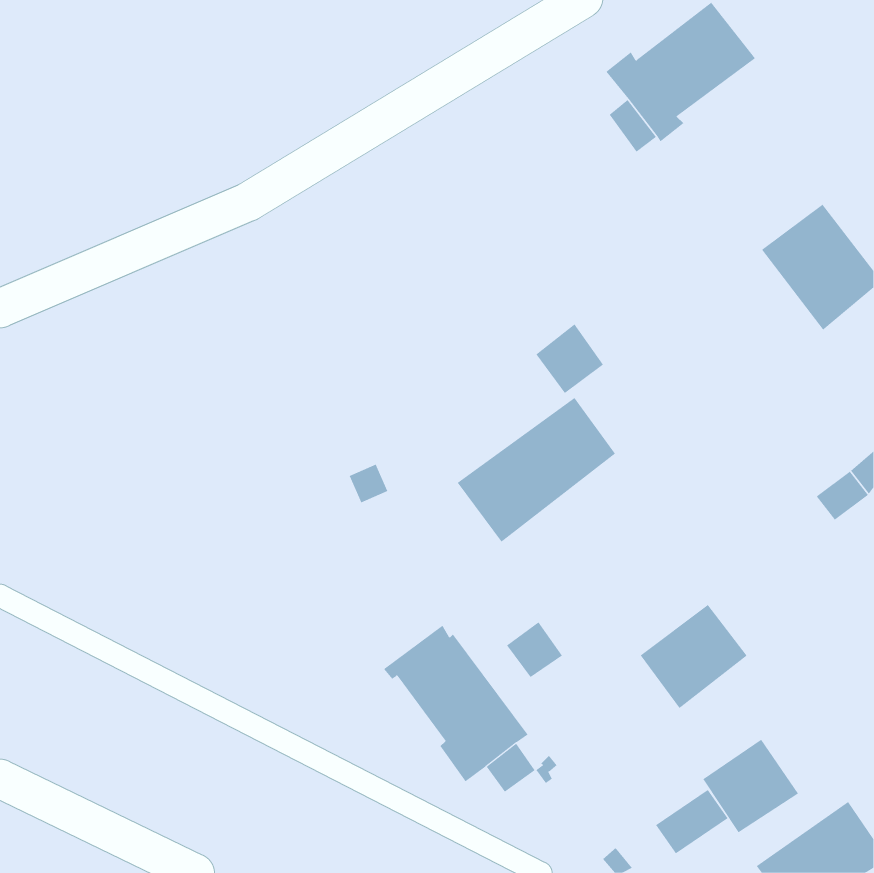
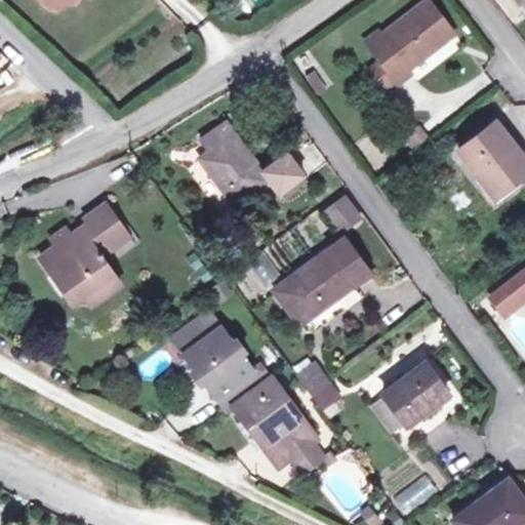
building: none -> [198,120,304,206]
building: none -> [42,203,130,306]
building: none -> [173,312,266,401]
building: [702,739,799,833] -> none

